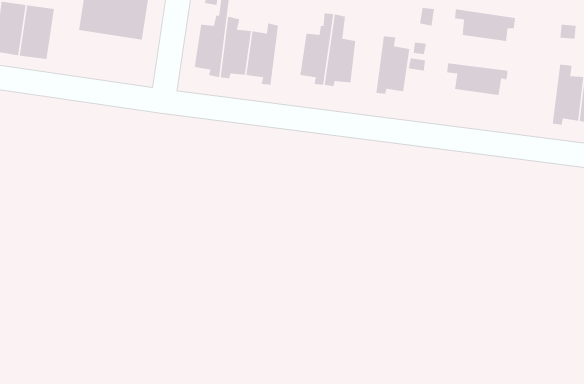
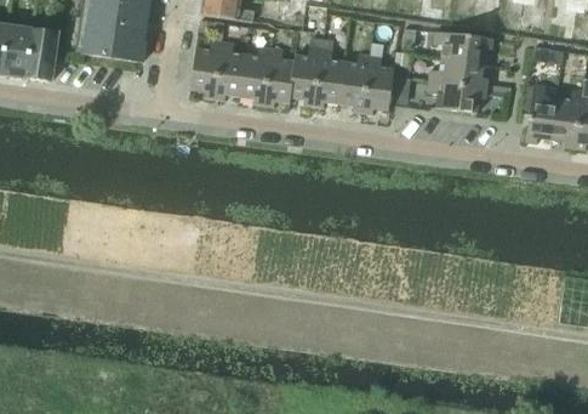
building: none -> [262,47,293,106]
building: none -> [337,55,367,112]
building: none -> [428,57,487,90]

